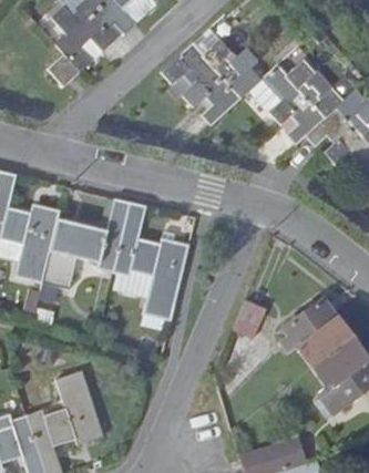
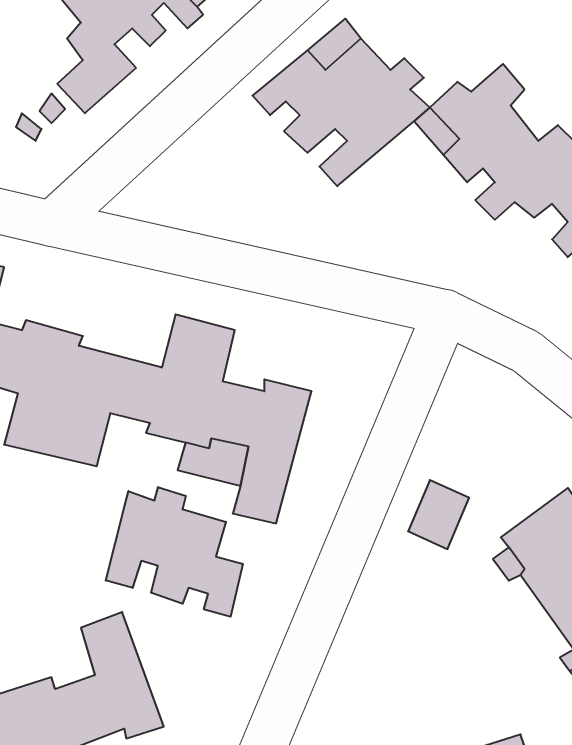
building: none -> [106,487,243,617]

